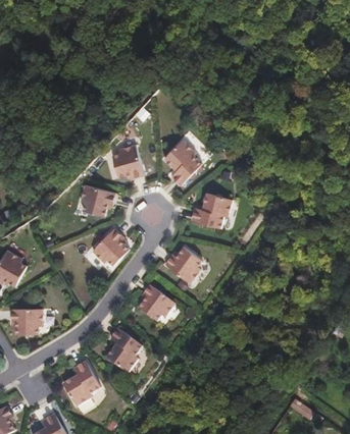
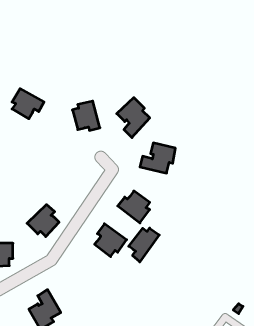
building: [78,175,114,210] -> [12,89,44,119]
building: [91,229,128,266] -> [27,205,59,237]
building: none -> [129,228,159,262]
building: [106,327,142,373] -> none

